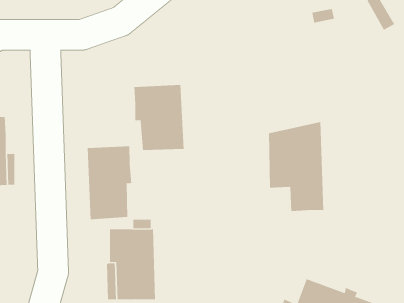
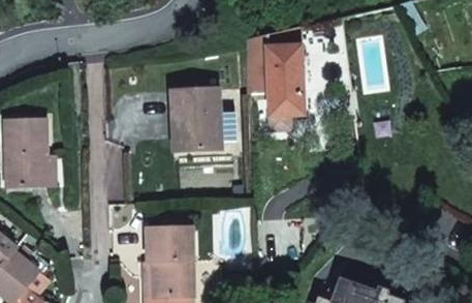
building: [268,122,324,212] -> [249,29,304,117]
building: [87,145,132,220] -> none

